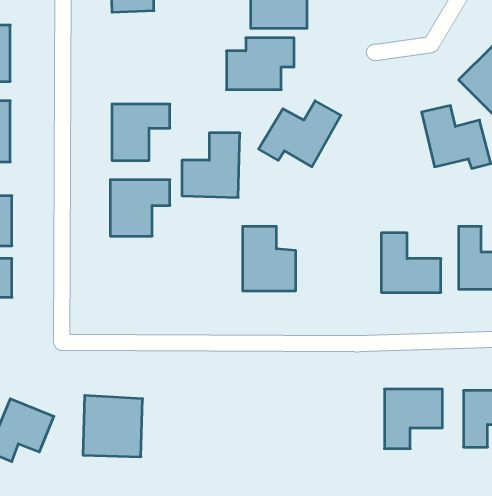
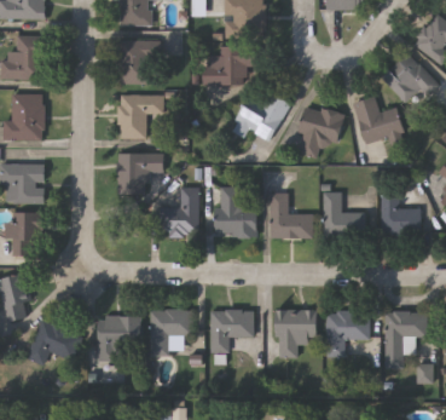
building: none -> [116,41,152,84]
building: none -> [297,110,343,161]
building: [182,133,240,197] -> [157,186,201,235]
building: none -> [271,196,313,241]
building: none -> [150,309,192,355]
building: none -> [209,309,253,352]
building: none -> [276,312,317,361]

